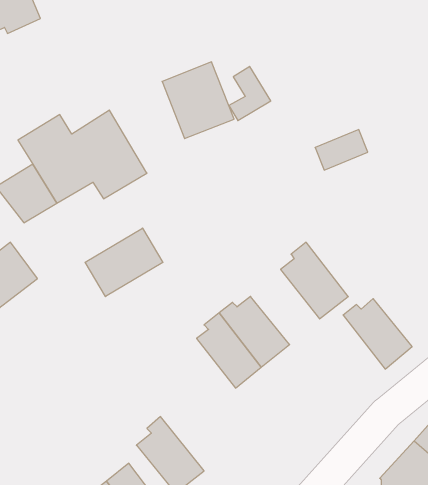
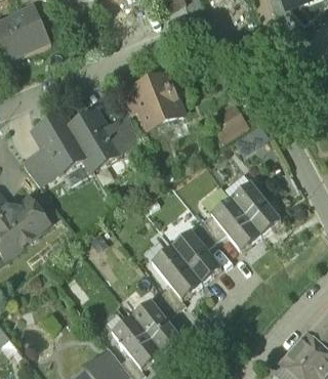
building: [229,66,271,121] -> [218,102,247,139]
building: none -> [109,113,139,151]
building: [85,228,163,297] -> none
building: [343,299,412,369] -> [233,186,280,235]
building: none -> [133,305,182,353]

